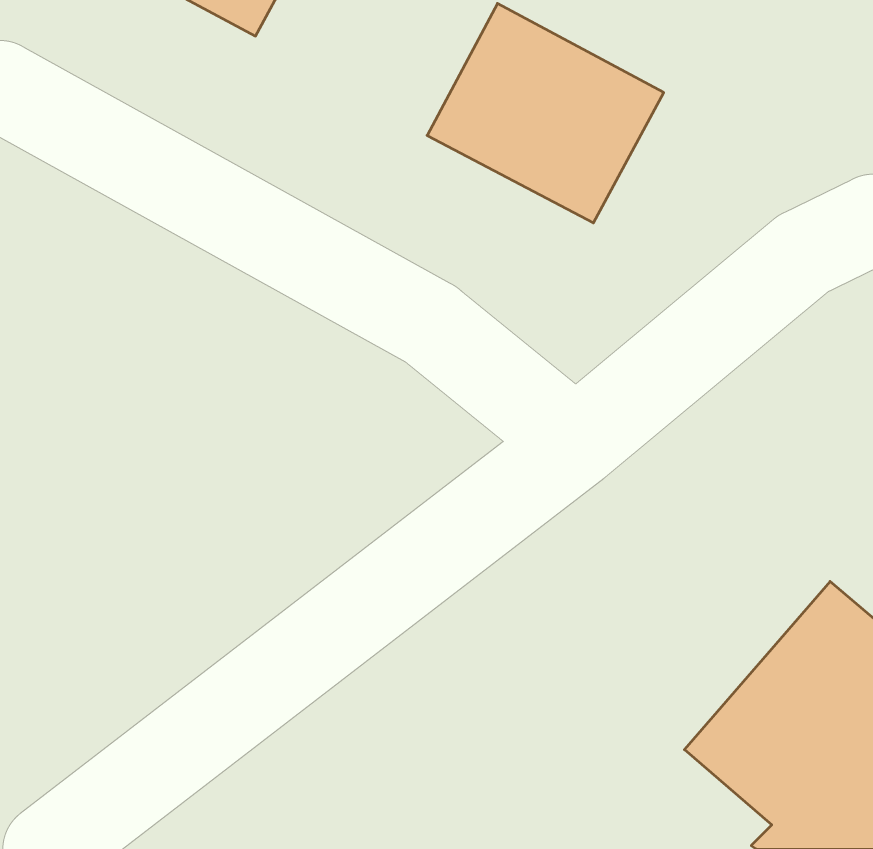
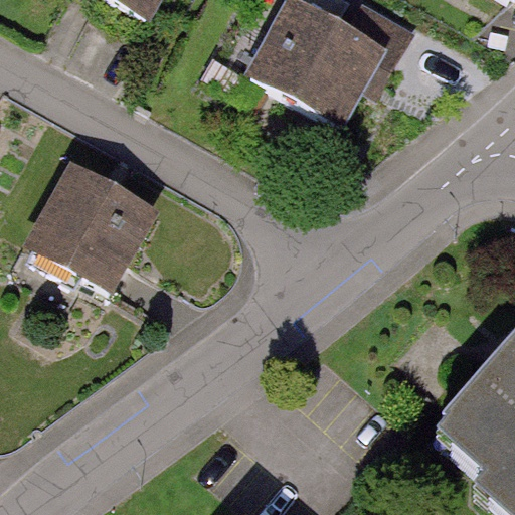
building: none -> [37,170,156,290]

